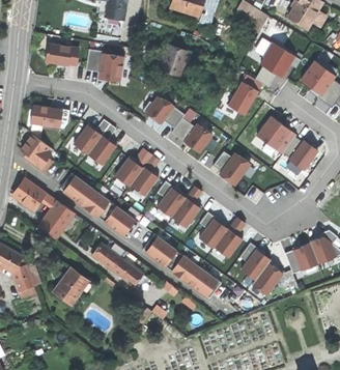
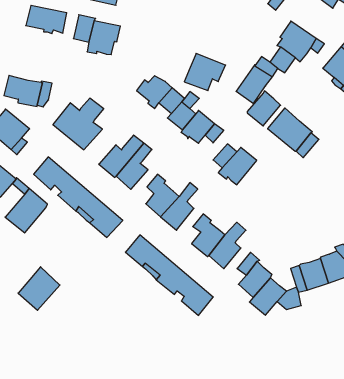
building: [159,45,193,76] -> [184,53,226,91]
building: [289,140,317,170] -> [247,91,281,126]
building: [91,244,143,288] -> none

